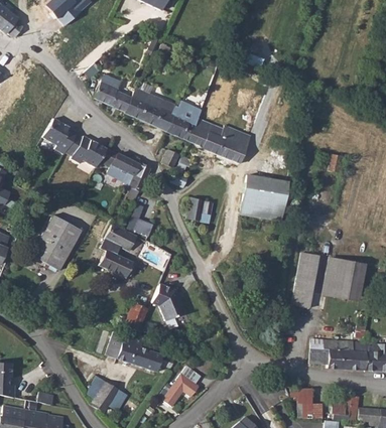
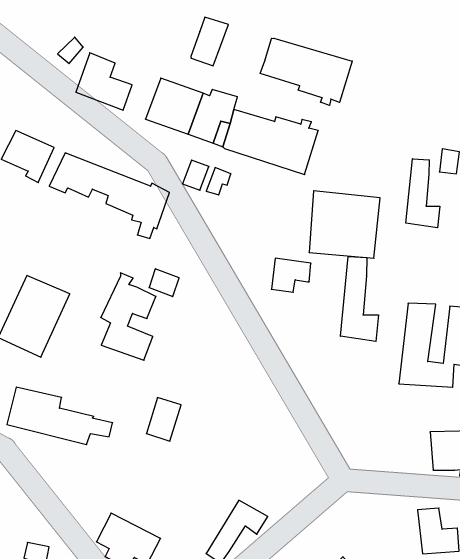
building: none -> [260,38,352,105]
building: [124,86,150,118] -> [191,17,228,66]
building: none -> [406,159,440,228]
building: [185,196,213,220] -> [271,258,311,292]
building: none -> [340,257,378,341]
building: [151,282,184,319] -> none
building: [105,329,174,371] -> [7,387,113,445]

